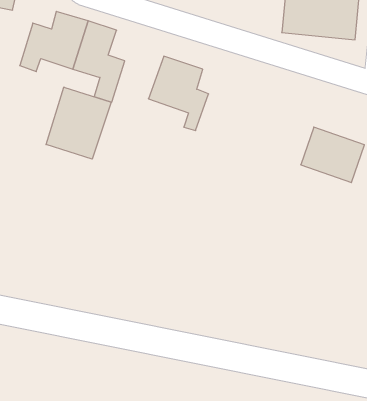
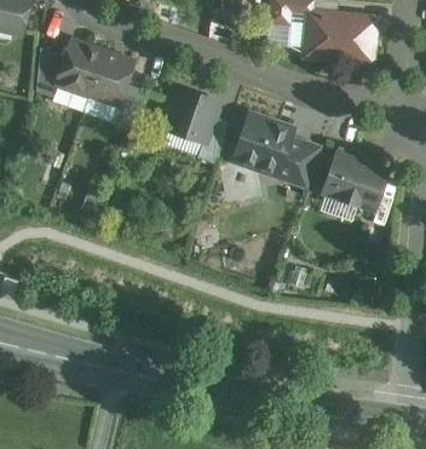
building: none -> [231,109,323,188]
building: [46,87,111,159] -> none

